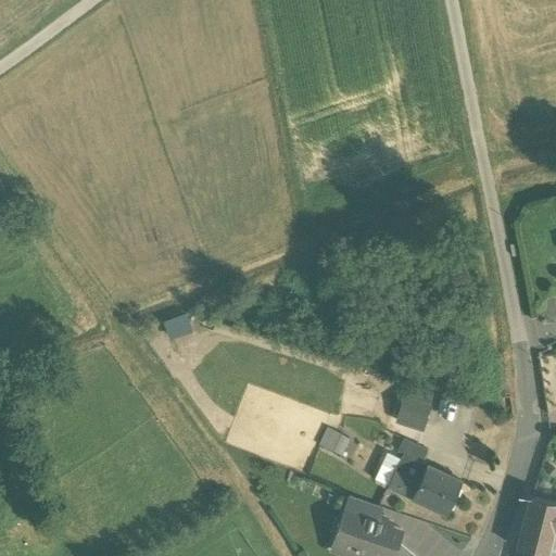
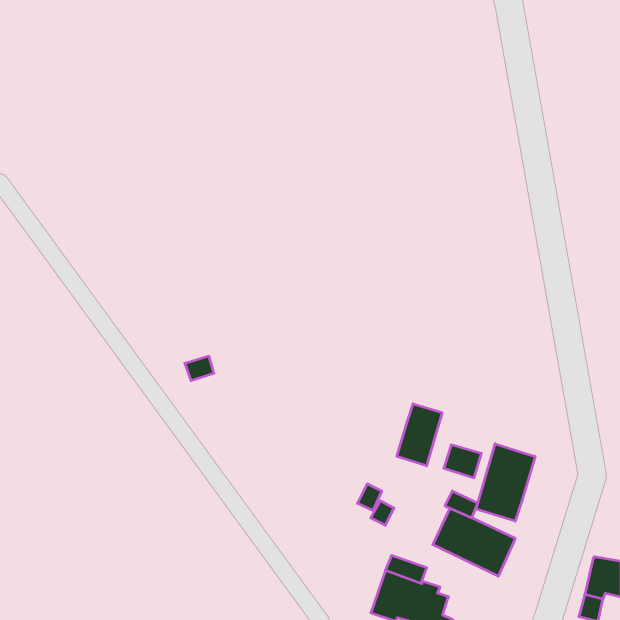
building: none -> [397,404,442,466]
building: none -> [476,444,535,521]

